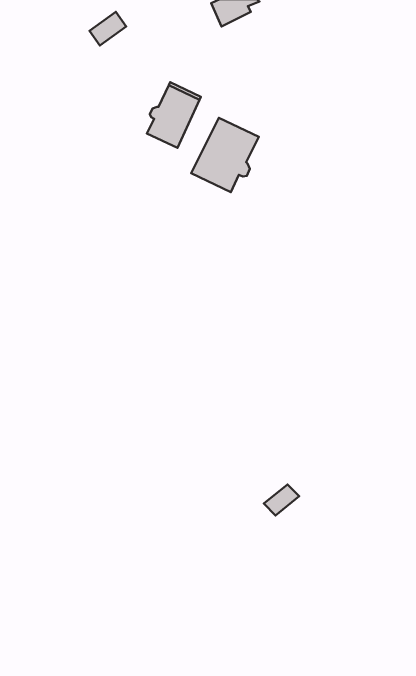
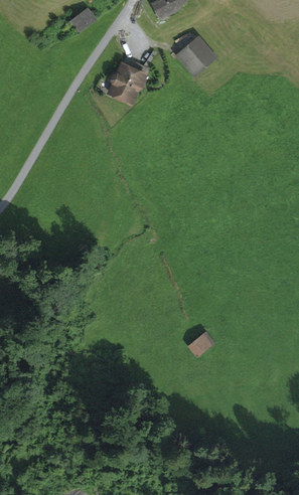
building: none -> [176,38,212,74]
building: [191,118,259,192] -> none

